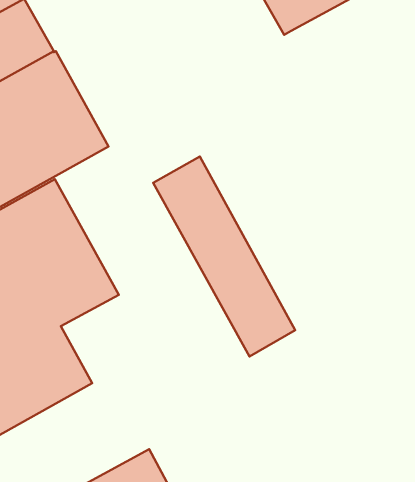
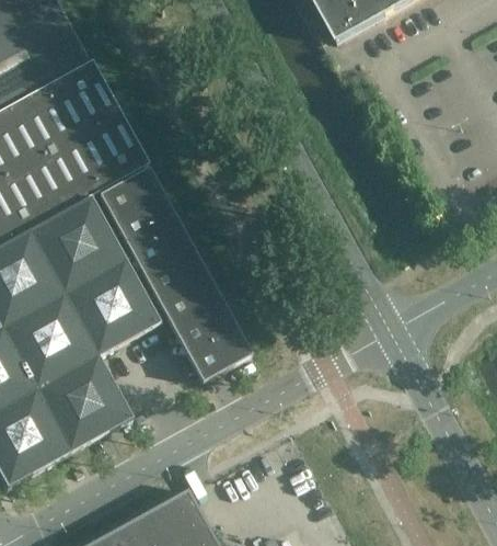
building: [153,157,295,357] -> [97,166,251,382]

